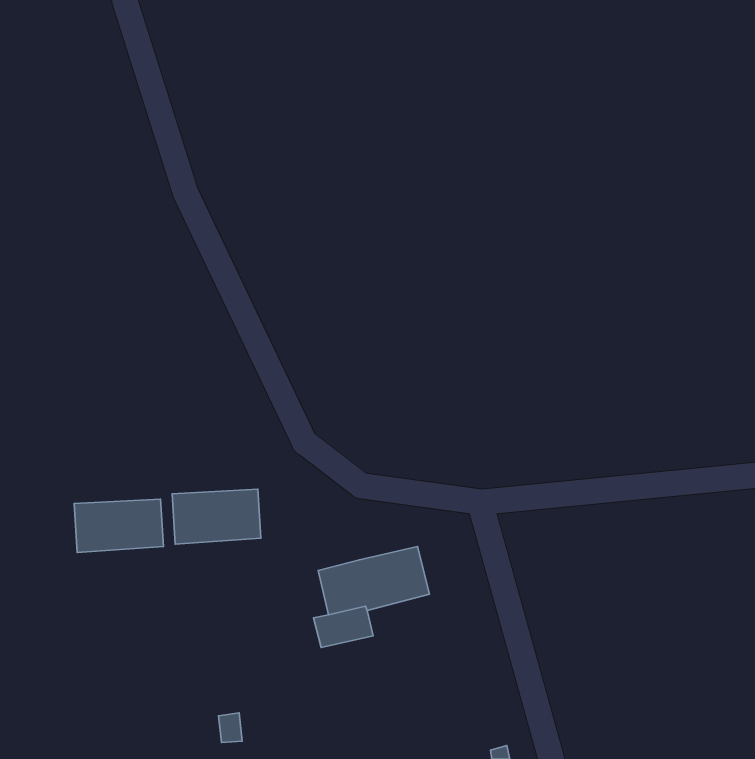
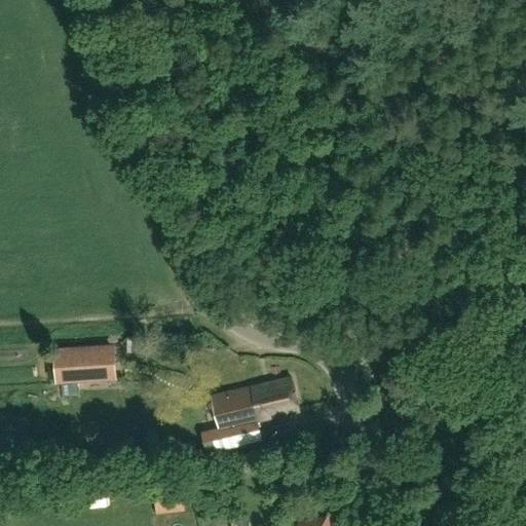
building: [172,489,261,544] -> none

